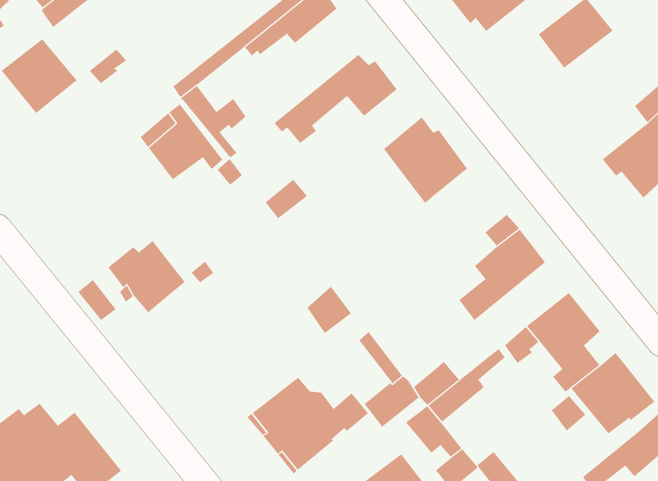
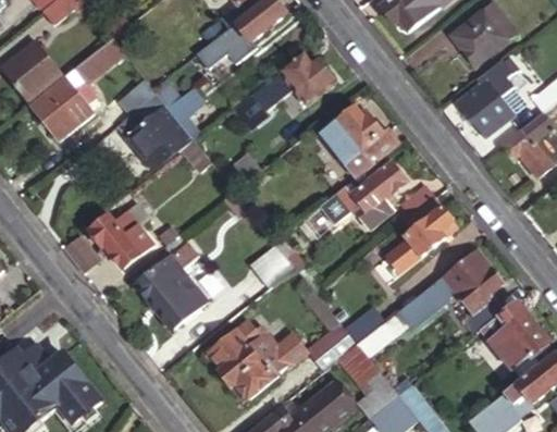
building: none -> [457,54,527,134]
building: none -> [32,73,95,138]
building: none -> [317,161,406,233]
building: none -> [136,243,205,330]

